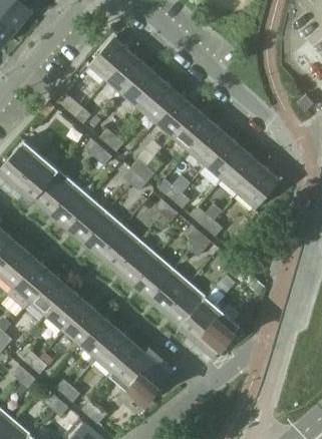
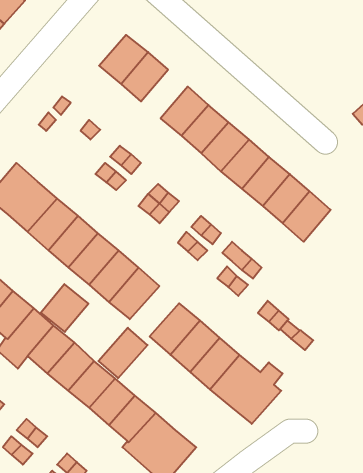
building: [125,66,164,106] -> none
building: none -> [41,284,88,332]
building: [116,243,156,284] -> [98,328,148,378]

